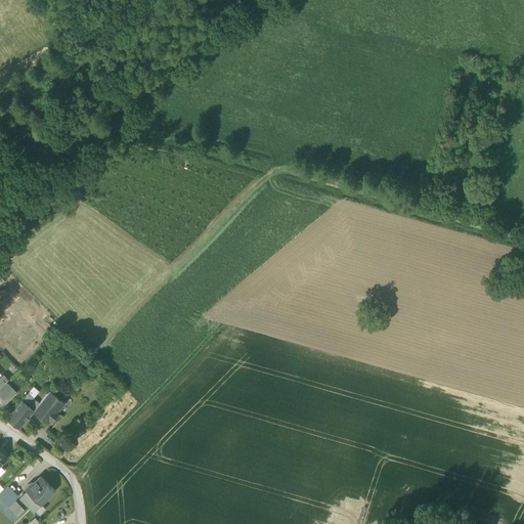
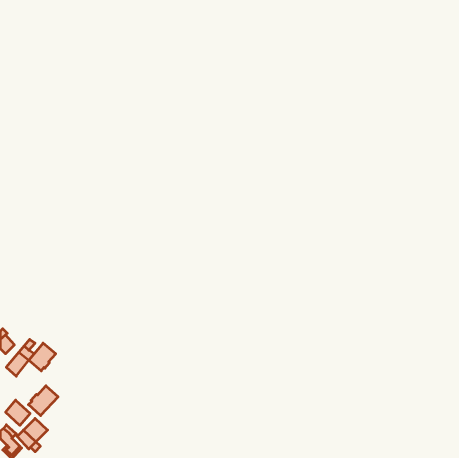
building: none -> [28,386,58,416]
building: none -> [6,400,30,425]

